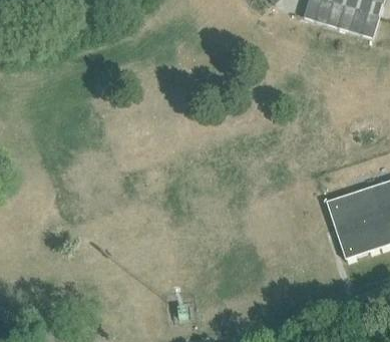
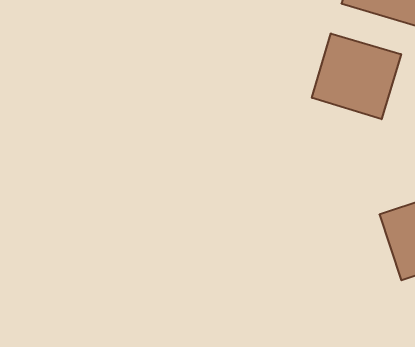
building: none -> [312,33,401,119]

